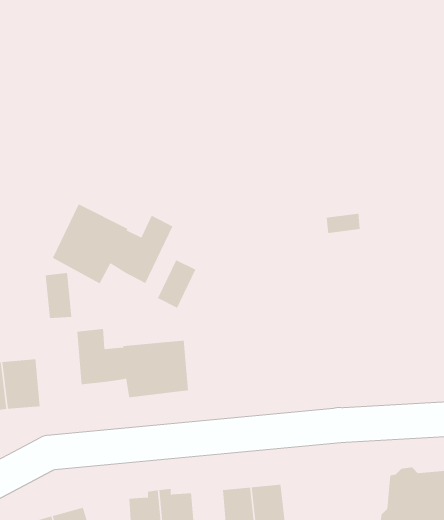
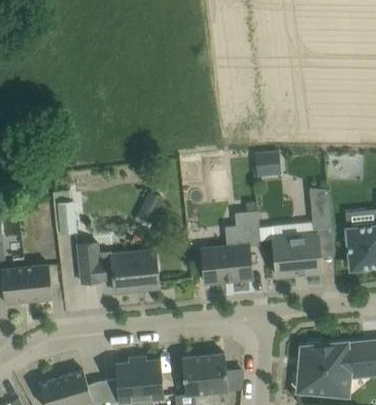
building: [52,204,173,284] -> none
building: none -> [310,190,331,231]
building: none -> [202,211,262,283]
building: none -> [273,235,321,276]

